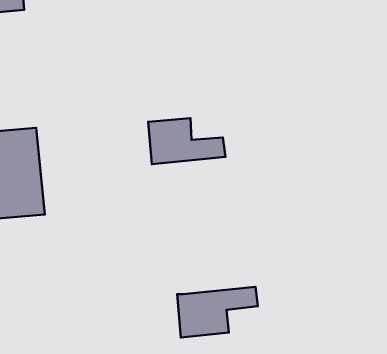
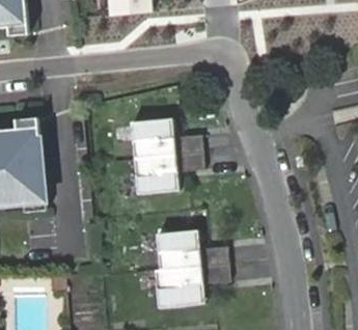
building: none -> [137,152,201,194]
building: none -> [160,230,226,270]

